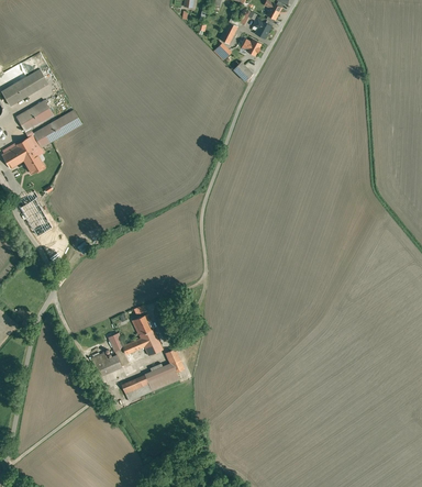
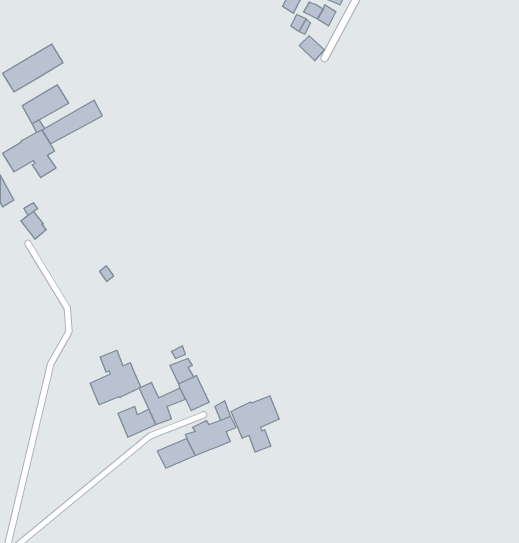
building: none -> [90,350,141,405]
building: none -> [231,396,279,452]

